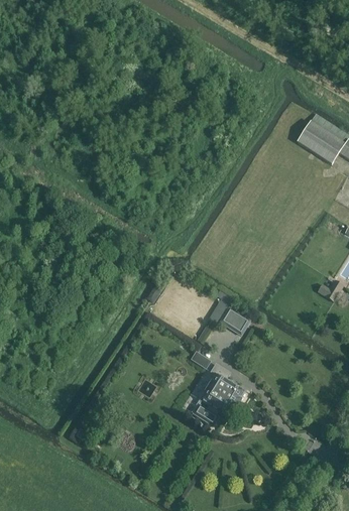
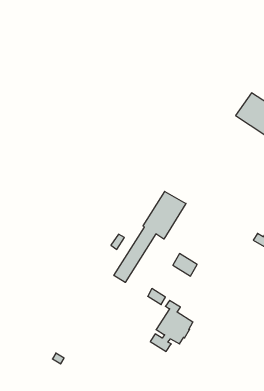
building: none -> [114,191,186,282]

